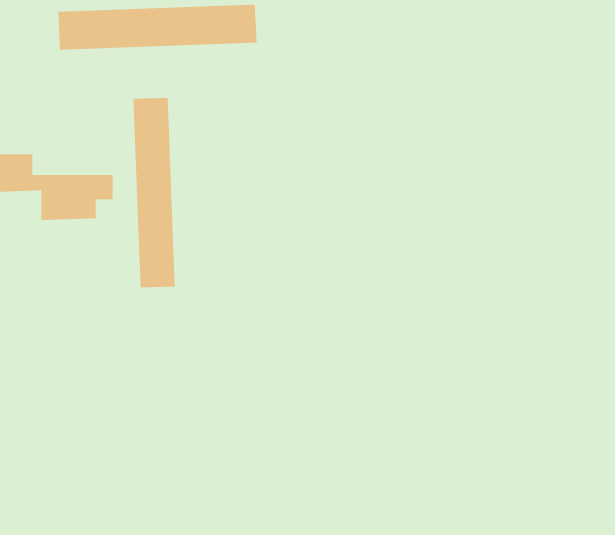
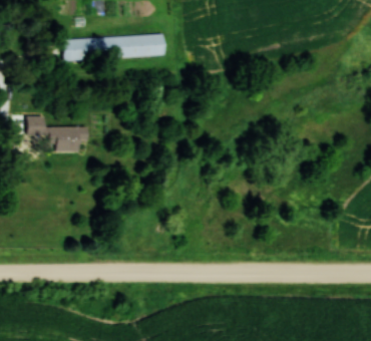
building: [133,97,176,288] -> none

